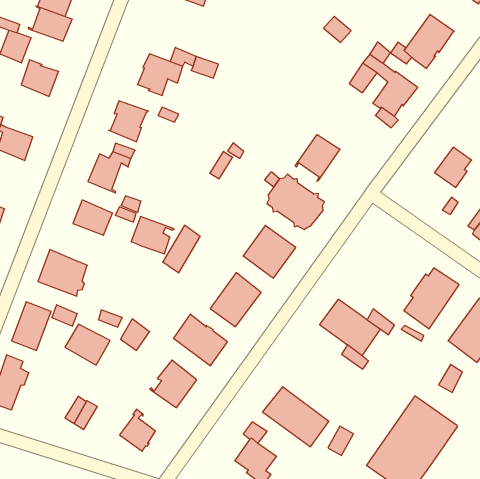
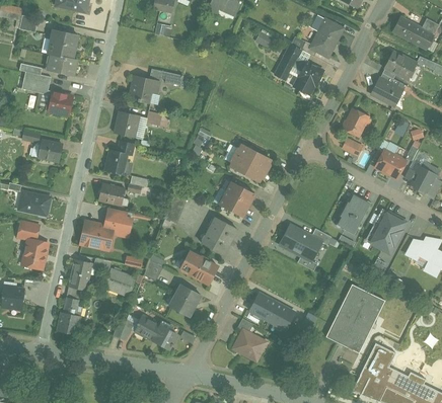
building: [295,135,340,181] -> none
building: [131,217,174,254] -> [104,207,133,230]
building: none -> [134,315,160,340]

